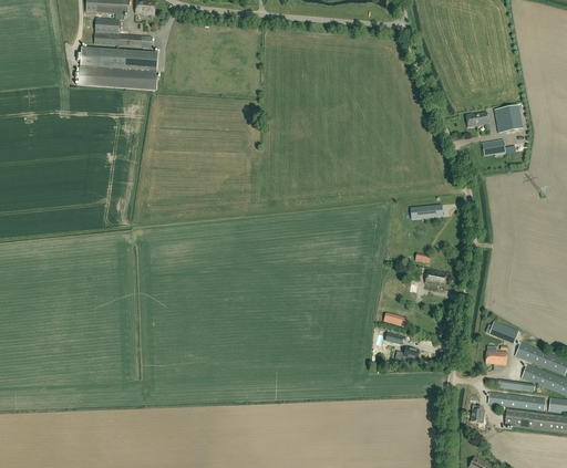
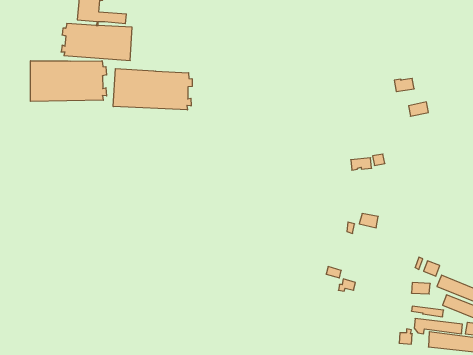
building: none -> [31,61,107,101]
building: none -> [113,69,192,110]
building: [494,104,519,132] -> none

